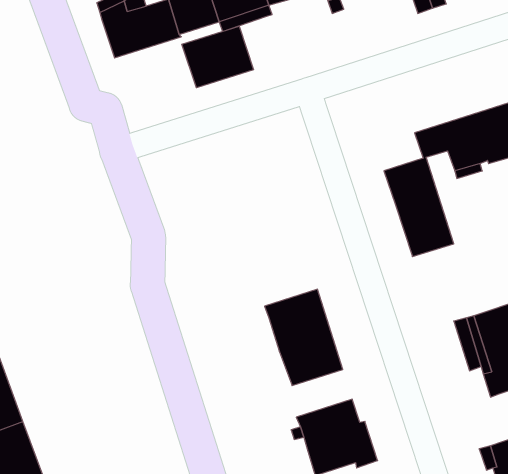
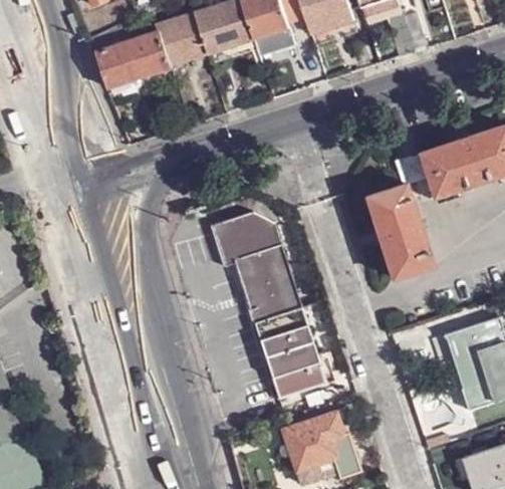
building: [182,26,254,88] -> none
building: none -> [210,213,302,323]

